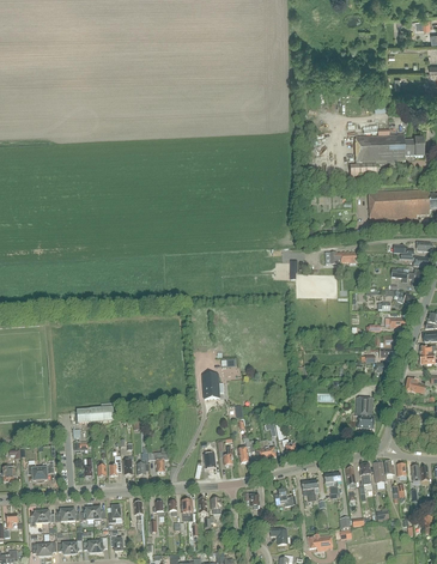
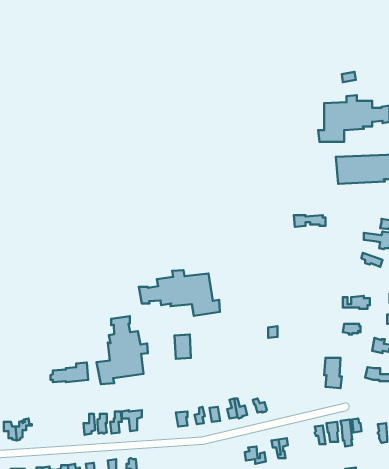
building: none -> [139,270,220,316]
building: none -> [97,316,148,384]

